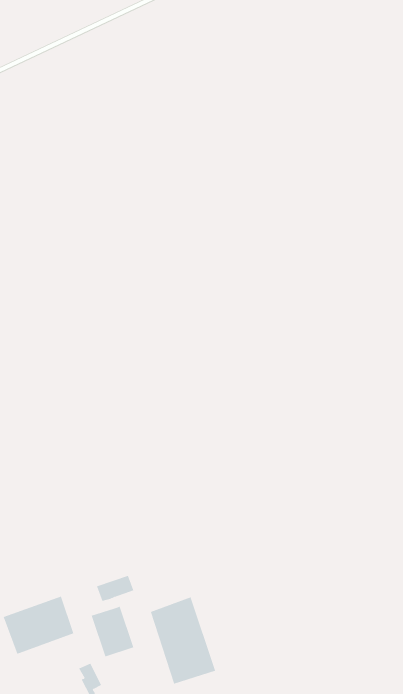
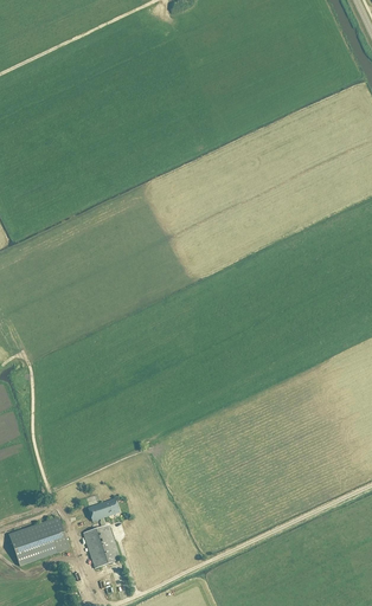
building: [150,597,216,685] -> none

